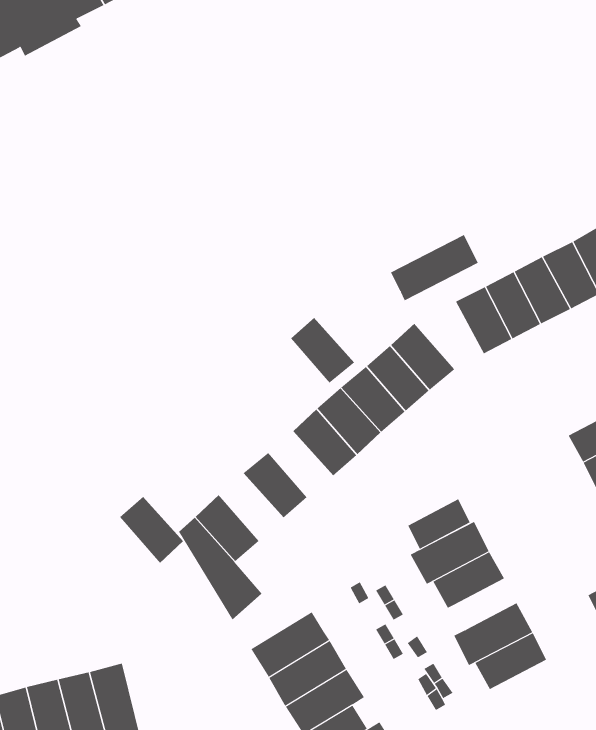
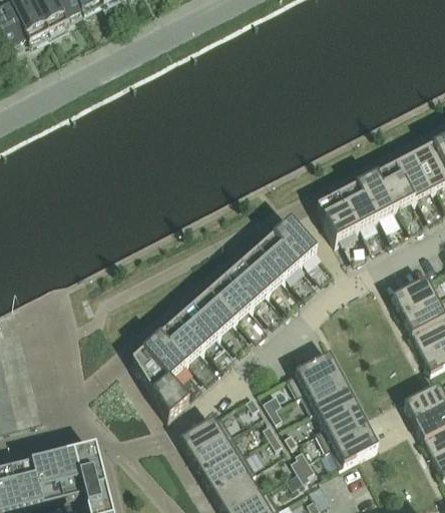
building: [390,234,479,301] -> none
building: [290,317,355,383] -> [190,290,234,334]
building: [119,496,184,564] -> [157,318,200,363]
building: [407,498,471,549] -> [314,388,356,422]

